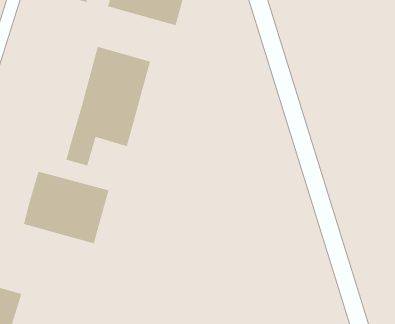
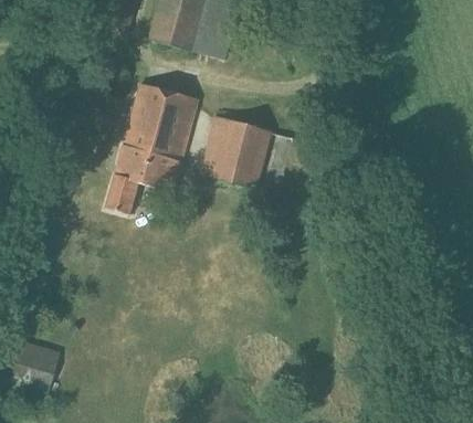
building: none -> [199,116,271,188]
building: [24,171,109,244] -> none

